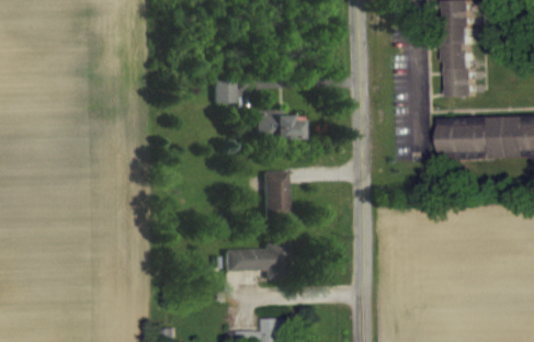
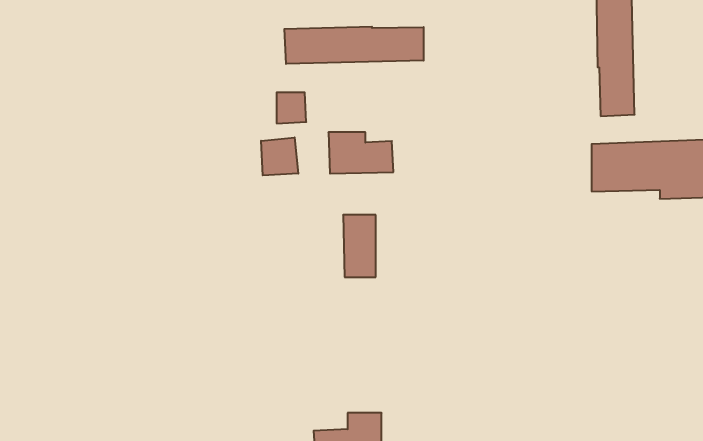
building: none -> [284,27,424,64]
building: none -> [261,137,298,175]
building: [220,241,286,278] -> none

